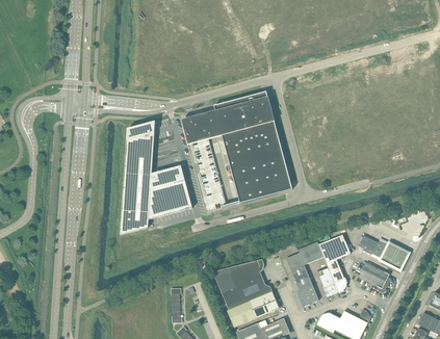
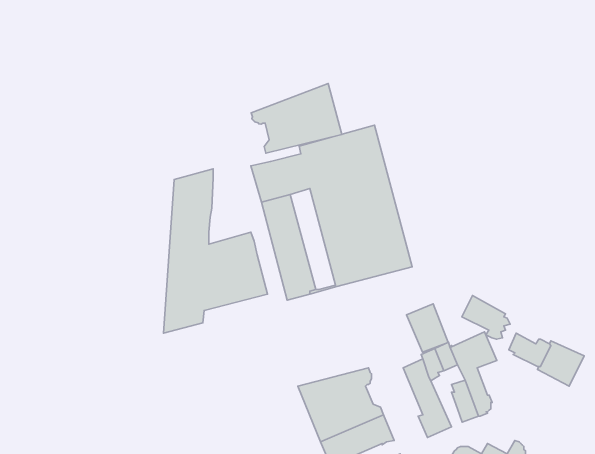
building: none -> [251,83,342,153]
building: none -> [406,304,448,352]
building: [359,262,392,292] -> [462,296,510,339]

